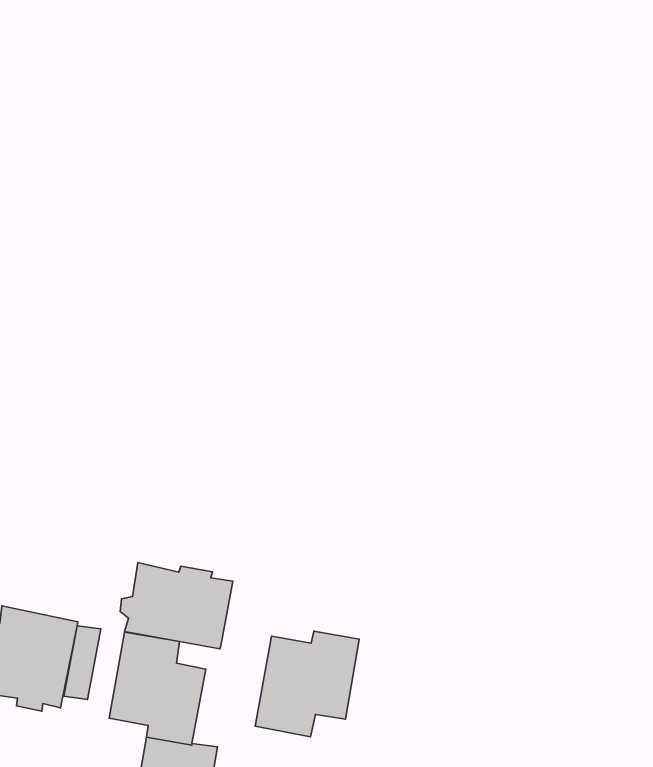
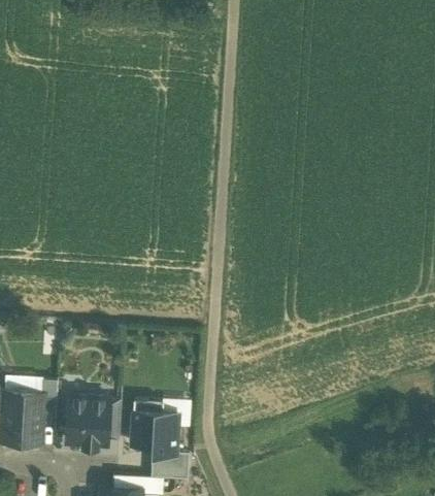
building: [120,563,233,649] -> none
building: [255,631,359,737] -> none

